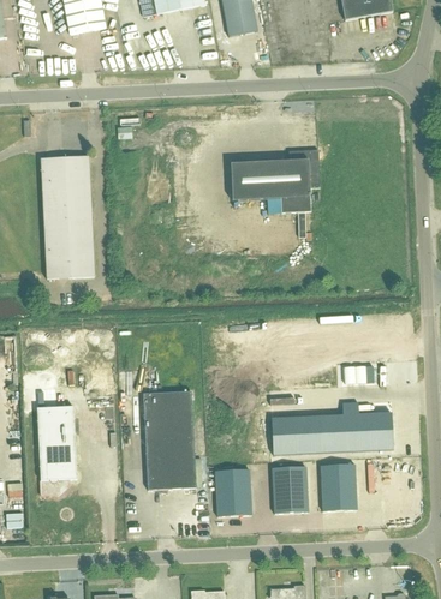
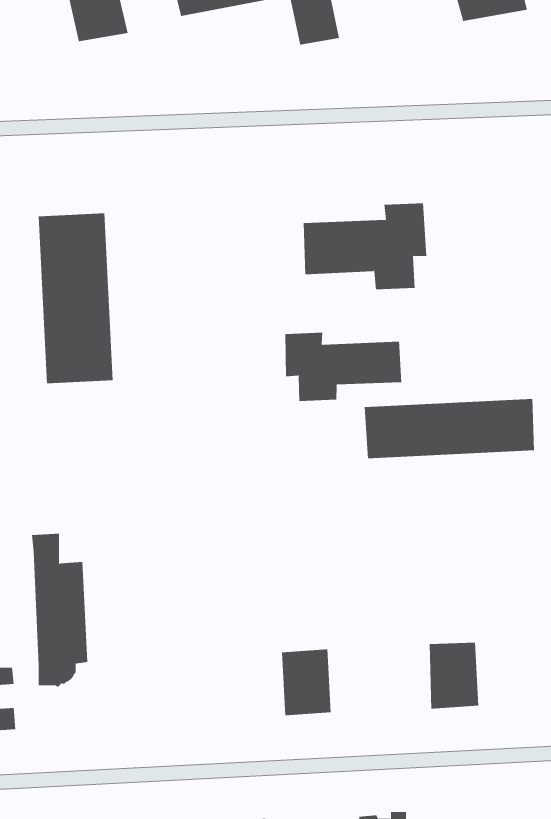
building: none -> [285,332,402,402]
building: [143,391,196,492] -> none
building: [270,412,393,455] -> [364,398,535,459]
building: [272,466,308,513] -> none

